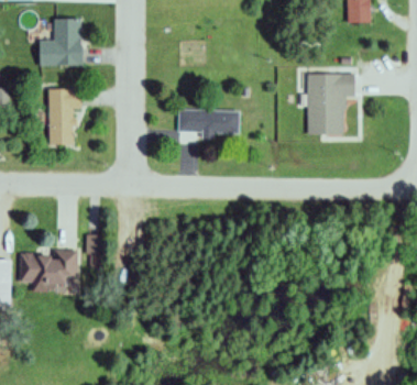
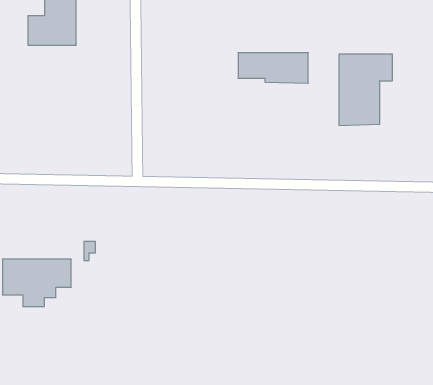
building: [48,88,81,144] -> none
building: [179,110,240,136] -> [238,53,308,83]

